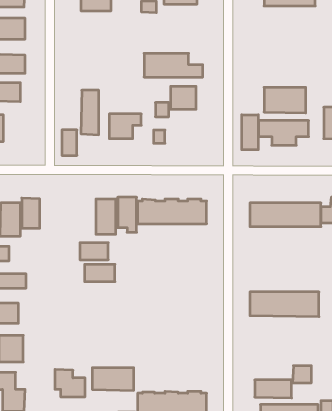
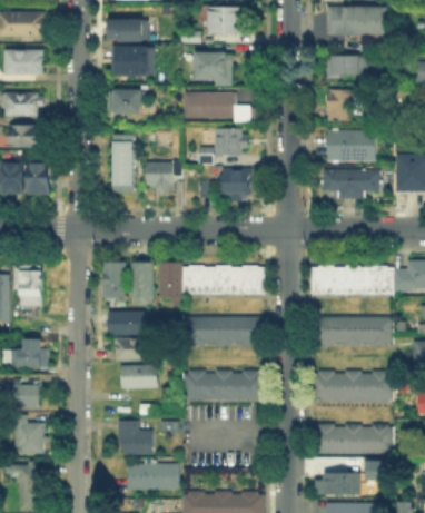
building: none -> [116,47,156,76]
building: none -> [199,55,234,88]
building: none -> [329,55,370,77]
building: none -> [327,91,364,122]
building: none -> [109,92,144,114]
building: [242,115,258,150] -> none
building: none -> [223,169,250,203]
building: [62,130,77,155] -> [29,164,47,194]
building: [22,198,40,228] -> [105,262,126,297]
building: none -> [179,314,260,343]
building: none -> [313,317,392,344]
building: none -> [122,366,156,388]
building: none -> [179,368,260,397]
building: none -> [312,426,394,455]
building: [55,369,85,397] -> [117,421,152,453]

